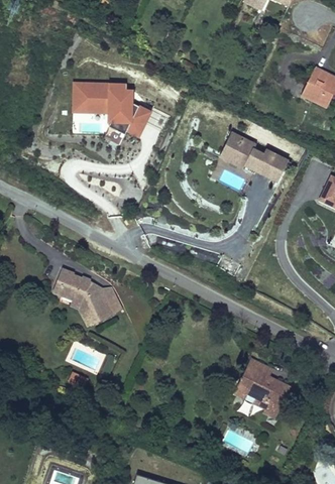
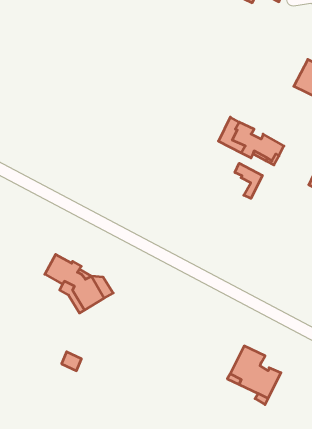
building: [70,79,152,137] -> none
building: none -> [235,163,262,198]

